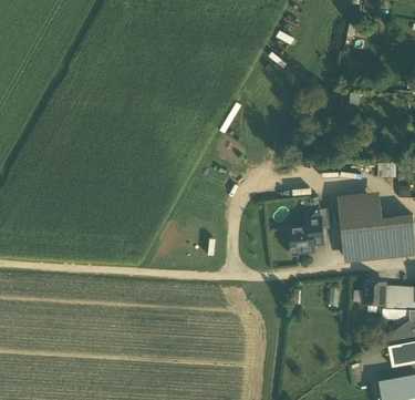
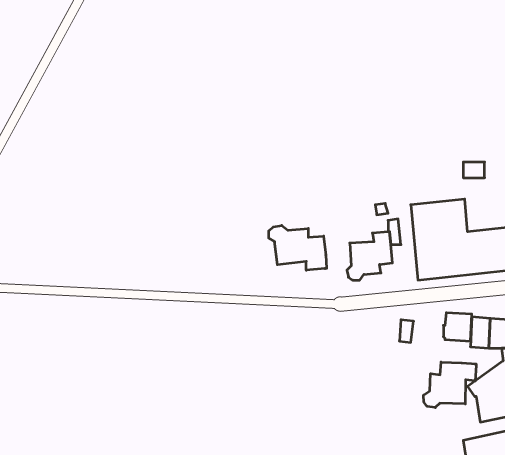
building: none -> [269,225,327,270]
building: none -> [424,362,476,408]

